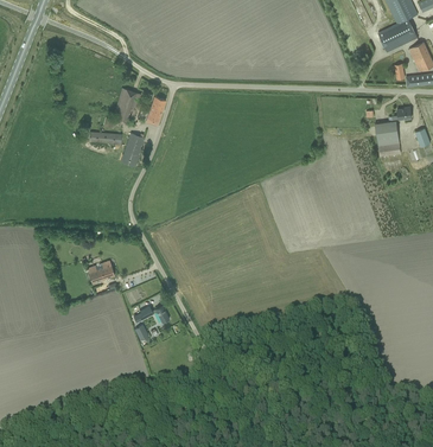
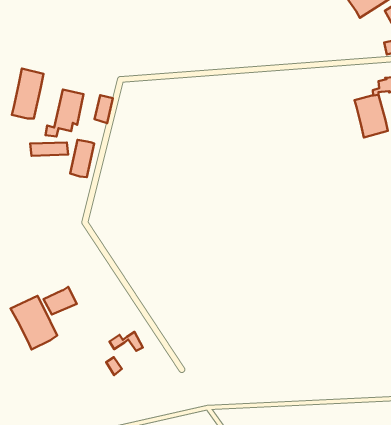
building: none -> [12,69,43,119]
building: none -> [11,296,57,350]

